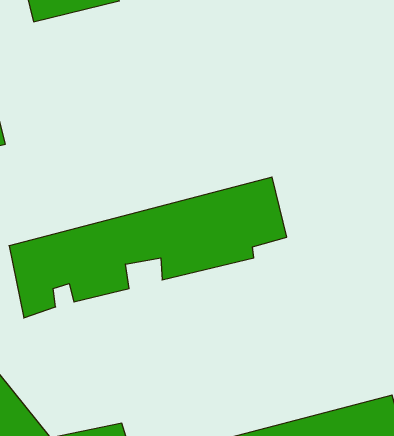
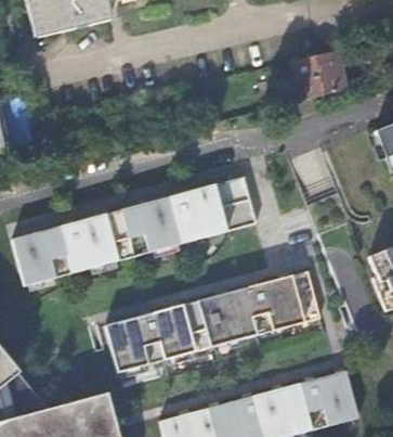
building: none -> [293,46,348,97]
building: none -> [103,279,319,381]

